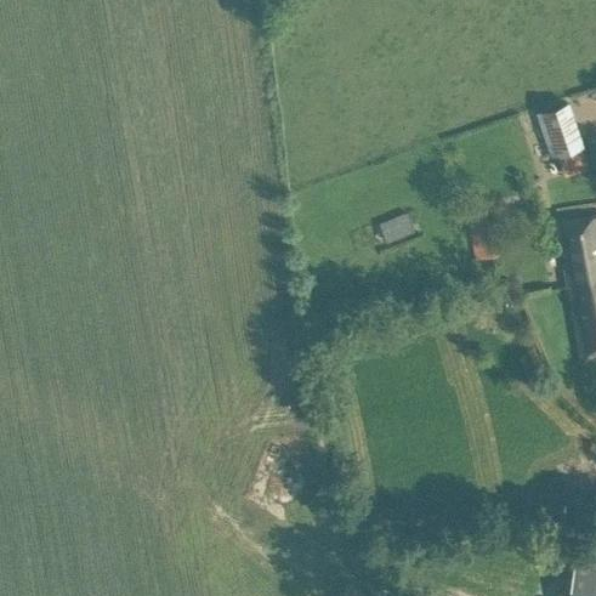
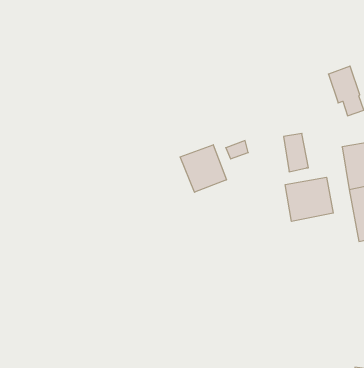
building: none -> [180,145,226,192]
building: none -> [285,177,333,221]

